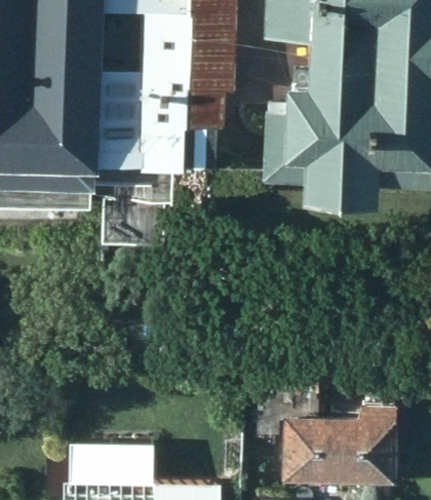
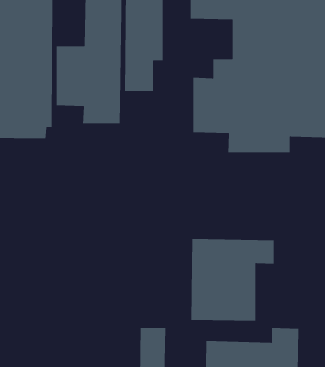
building: none -> [191,238,274,322]

